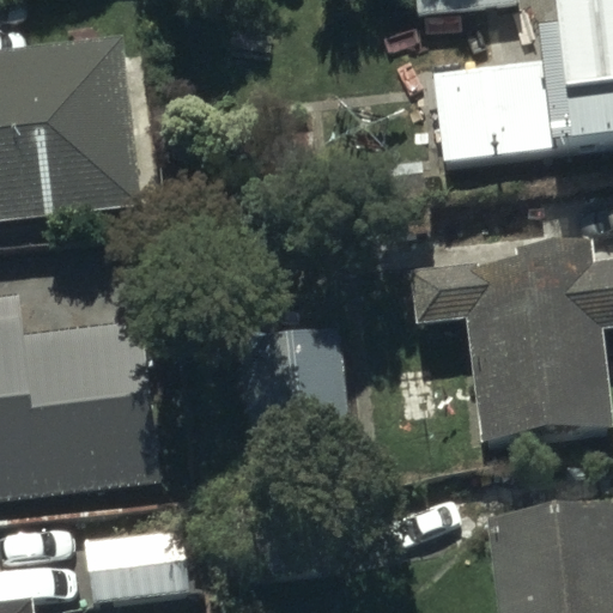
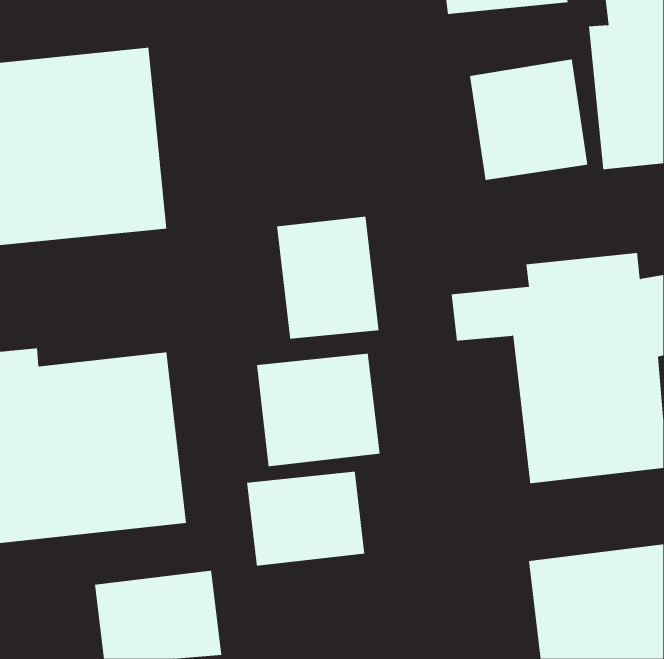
building: none -> [277,216,379,340]
building: none -> [247,471,365,566]

